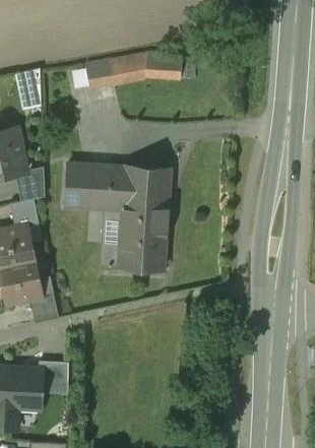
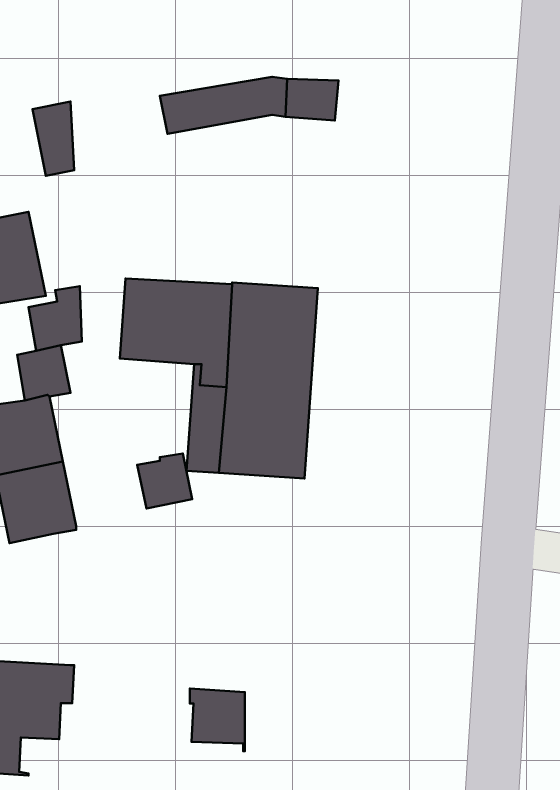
building: [29,294,59,323] -> [137,453,192,509]
building: [39,362,68,395] -> [190,688,245,751]

